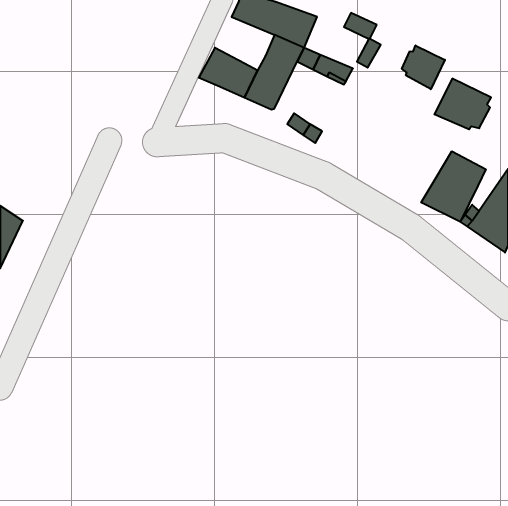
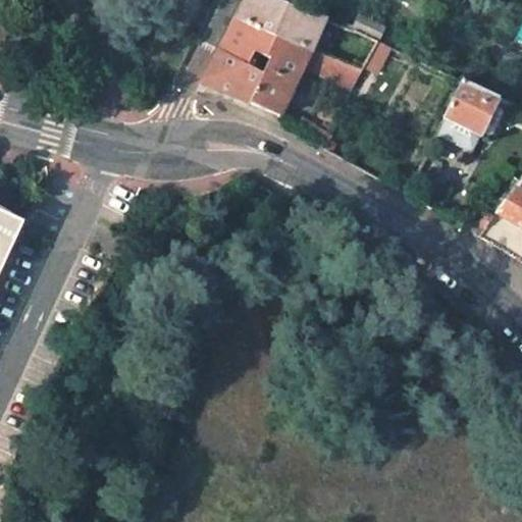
building: none -> [220,17,281,65]
building: [402,45,445,89] -> none
building: [421,151,486,222] -> none

